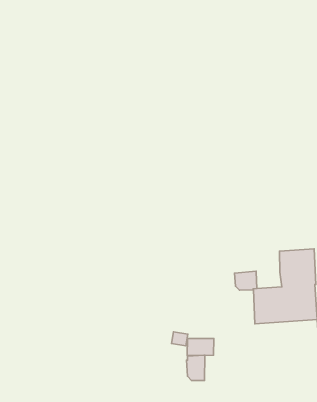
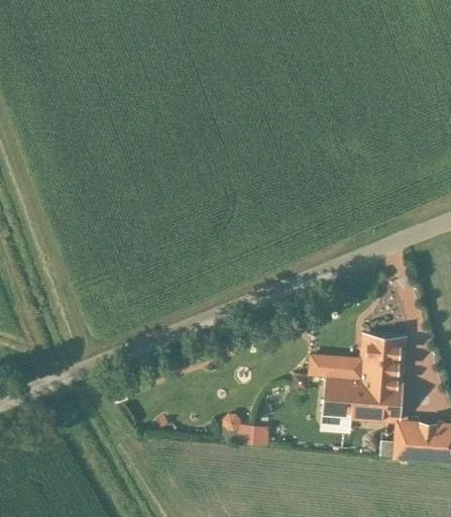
building: none -> [331,356,360,378]
building: [187,355,205,381] -> none

